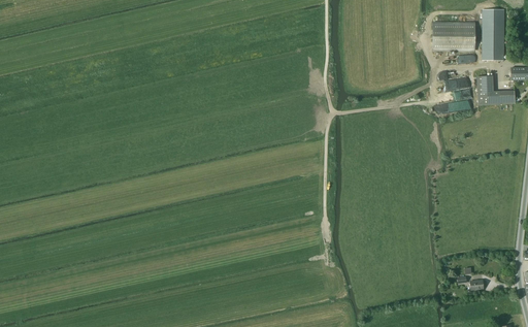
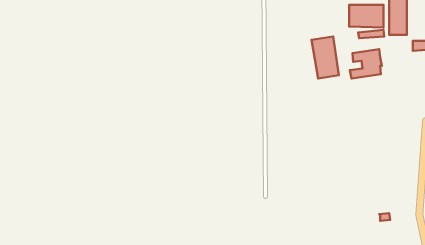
building: none -> [312,37,339,78]
building: [477,75,515,105] -> none

